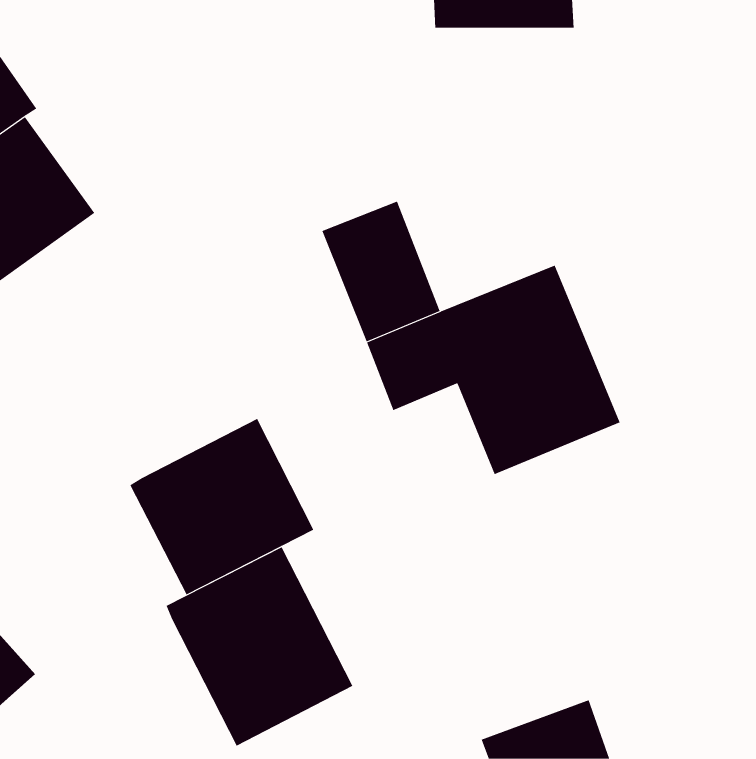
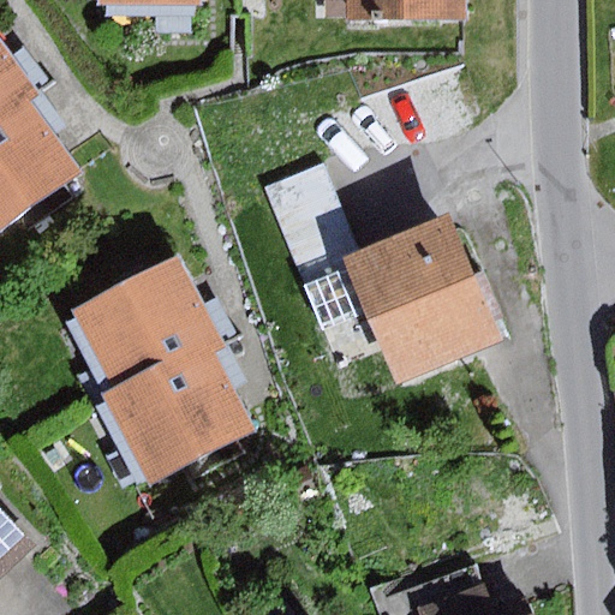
building: none -> [72,253,216,386]
building: [166,546,353,746] -> none

